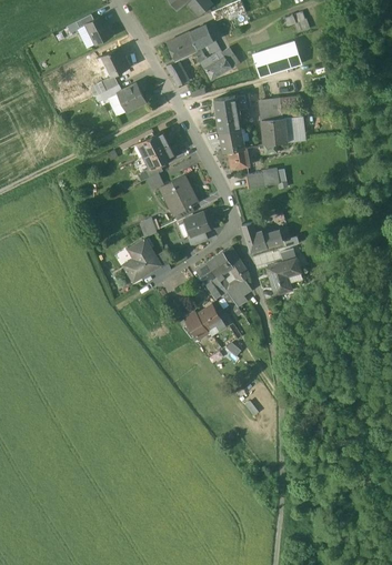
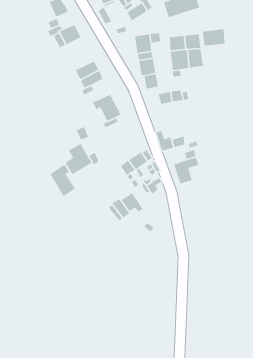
building: none -> [202,29,225,46]
building: [183,212,210,246] -> none
building: none -> [49,163,75,197]

